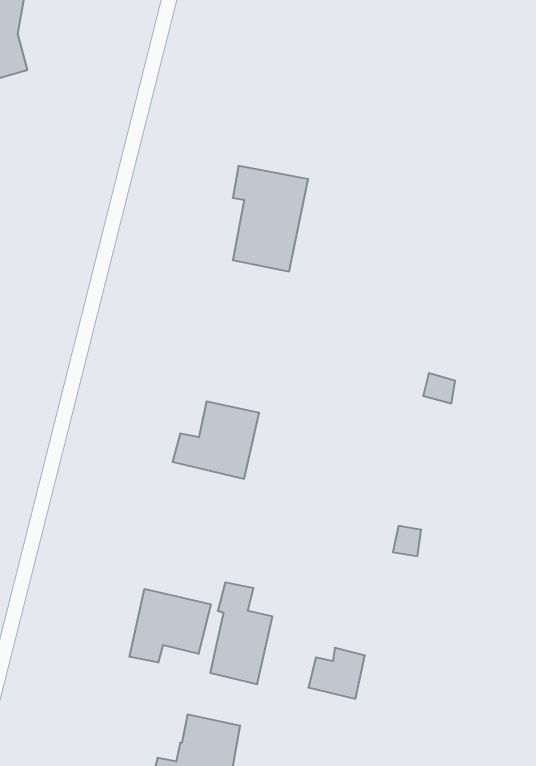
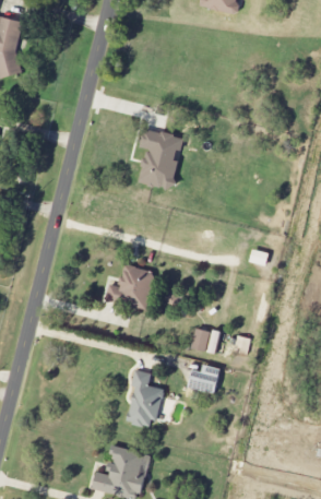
building: none -> [190,326,219,353]
building: [129,589,211,663] -> none
building: [308,648,365,699] -> [187,364,219,393]

